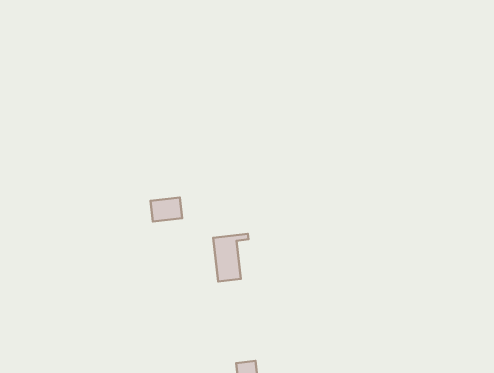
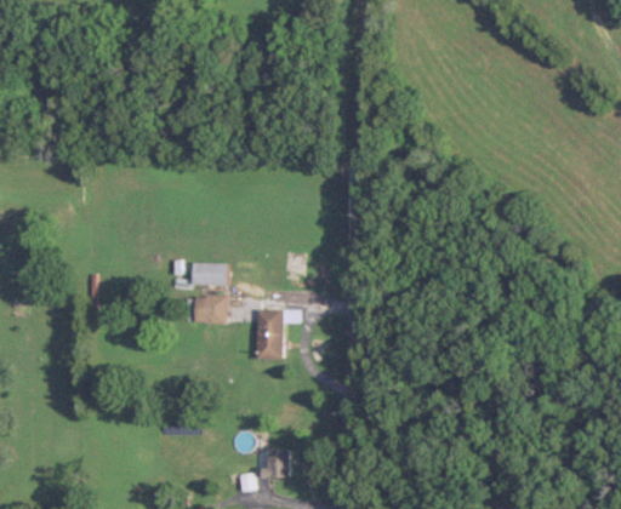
building: none -> [193,290,223,322]

